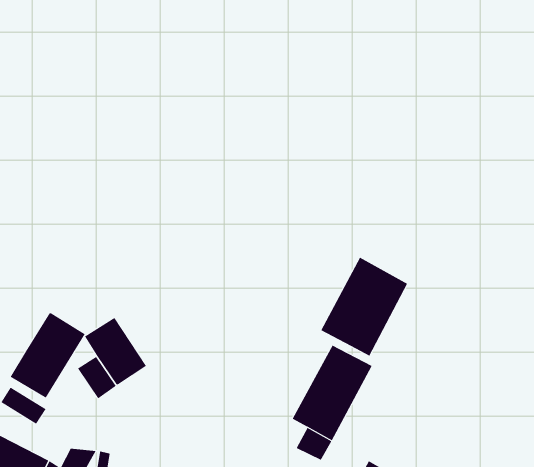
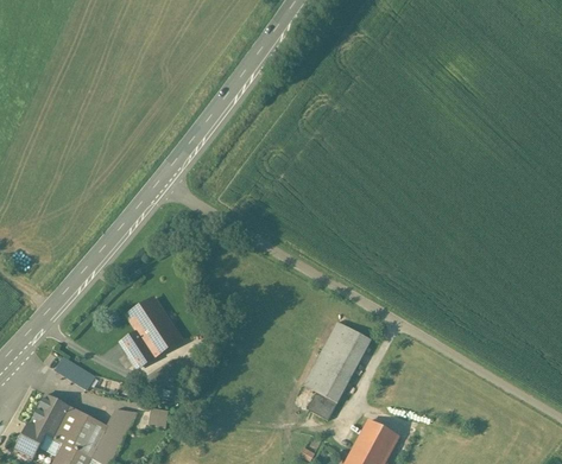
building: [320,257,408,356] -> none
building: [10,312,86,398] -> none

